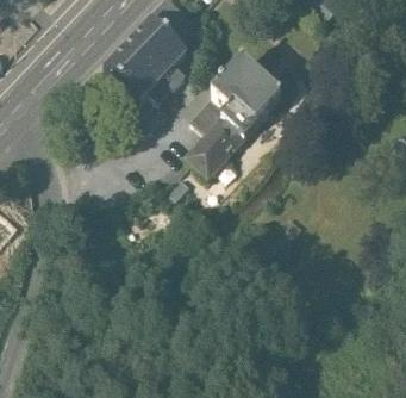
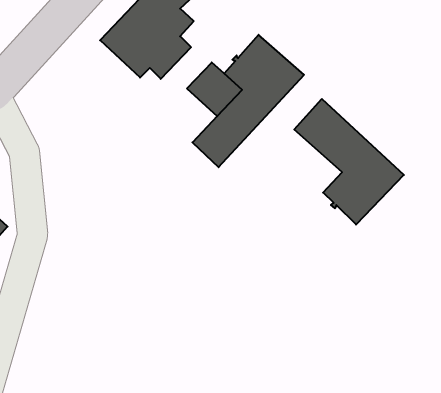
building: none -> [294,99,404,225]

